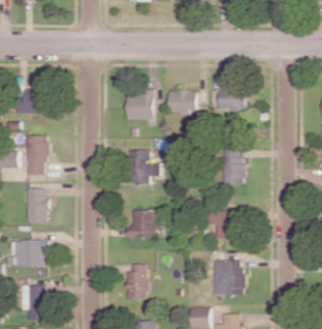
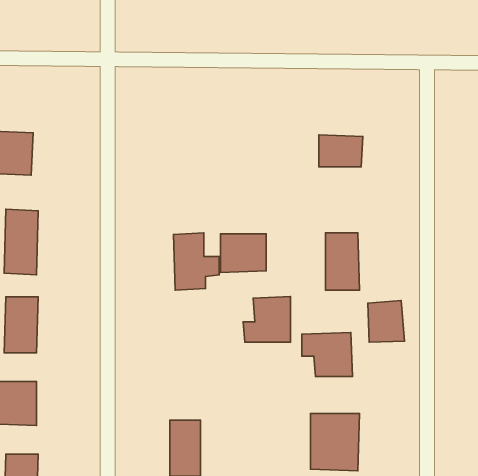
building: [168,91,196,115] -> [220,234,266,273]
building: [127,92,154,120] -> none
building: none -> [368,300,404,342]
building: [126,210,155,238] -> [243,296,290,342]

